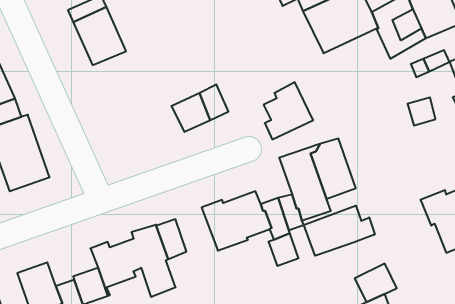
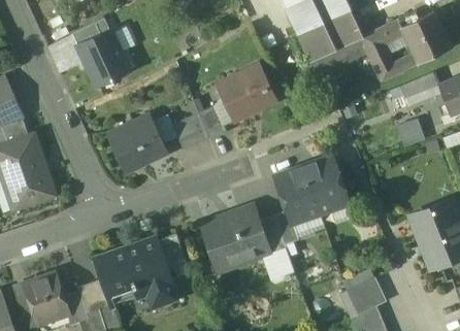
building: [264,82,313,139] -> [227,65,274,120]
building: none -> [107,123,163,171]
building: [304,206,375,256] -> none

